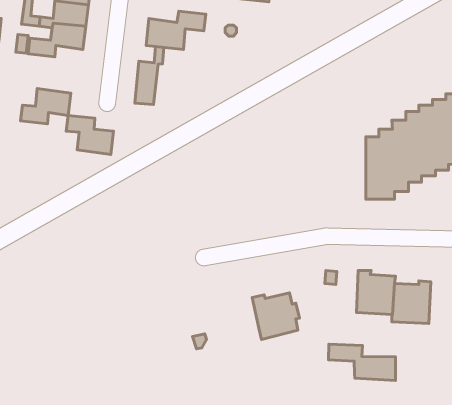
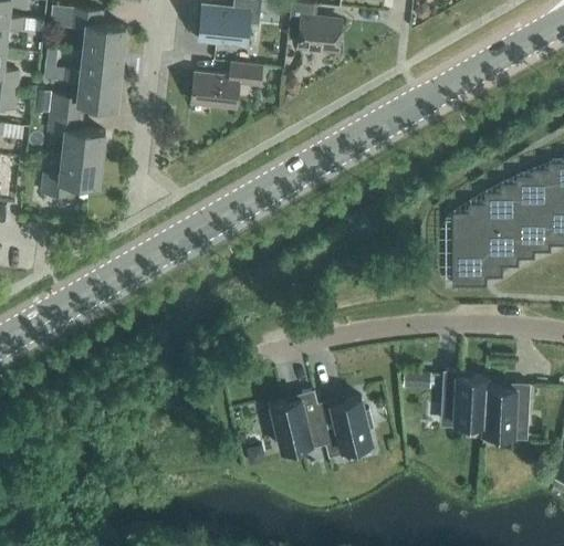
building: [135,47,164,105] -> none
building: [66,115,114,154] -> [49,113,105,159]
building: none -> [270,389,325,449]
building: [329,344,396,380] -> none

